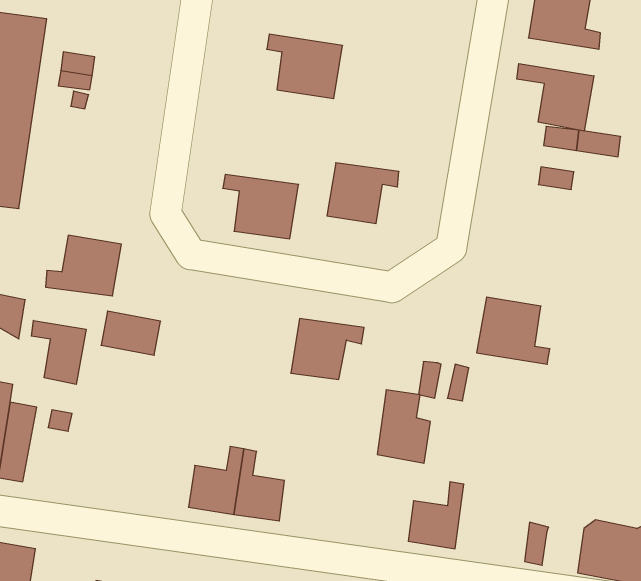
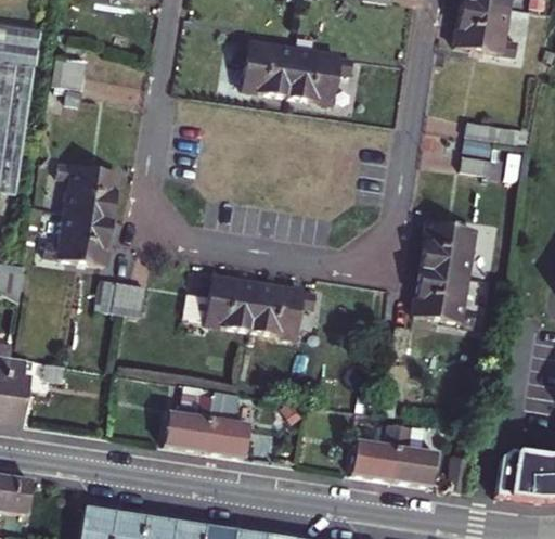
building: [517,64,594,131] -> none
building: [327,163,399,224] -> [288,49,350,101]
building: [223,174,299,239] -> [194,274,259,330]
building: none -> [53,162,115,219]
building: none -> [420,219,486,272]
building: [31,320,86,384] -> none
building: [377,390,430,463] -> [392,425,438,488]

